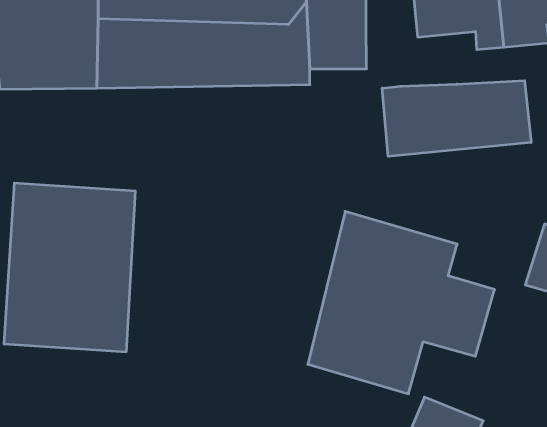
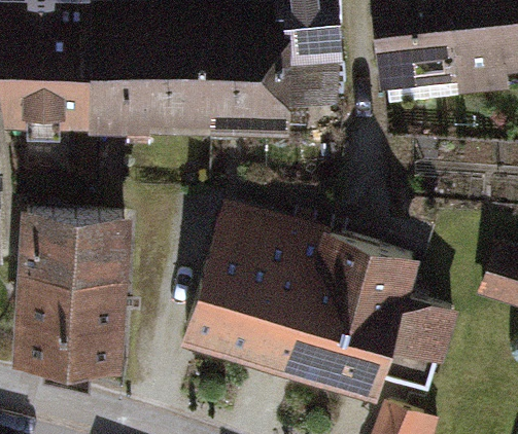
building: [382,81,531,156] -> none
building: none -> [189,210,320,375]

